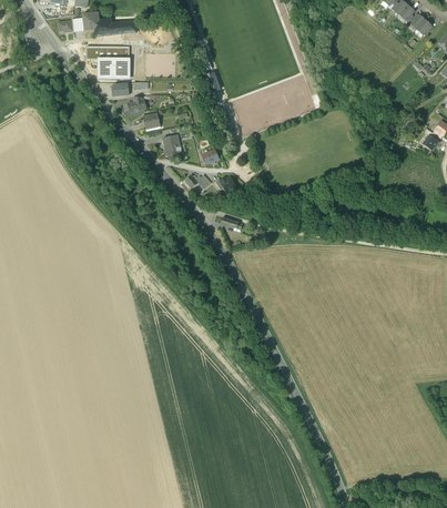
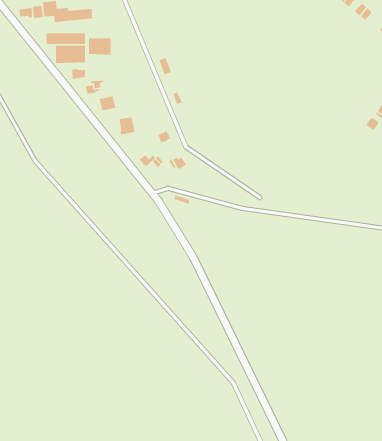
building: none -> [88,37,111,55]

